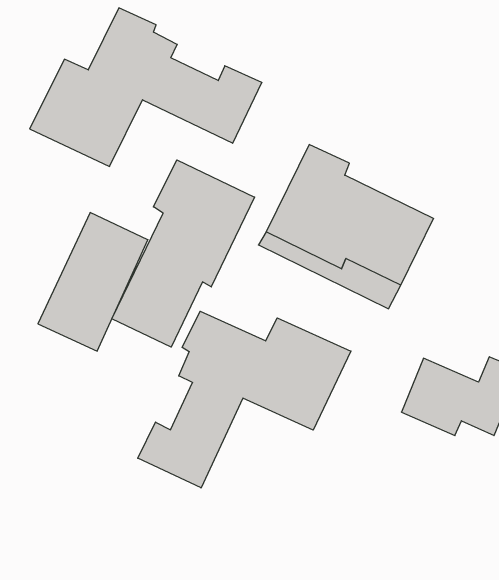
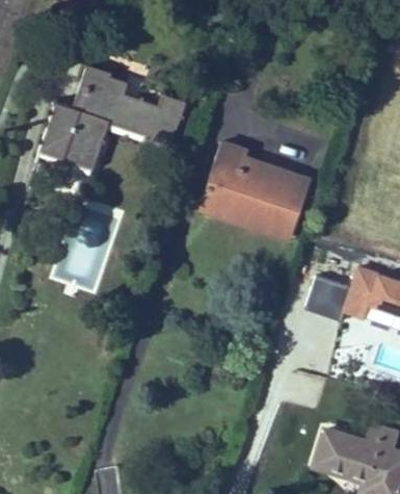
building: [112,160,255,347] -> none
building: [138,311,351,488] -> none

